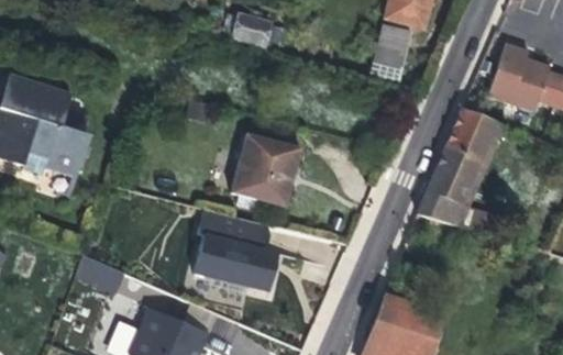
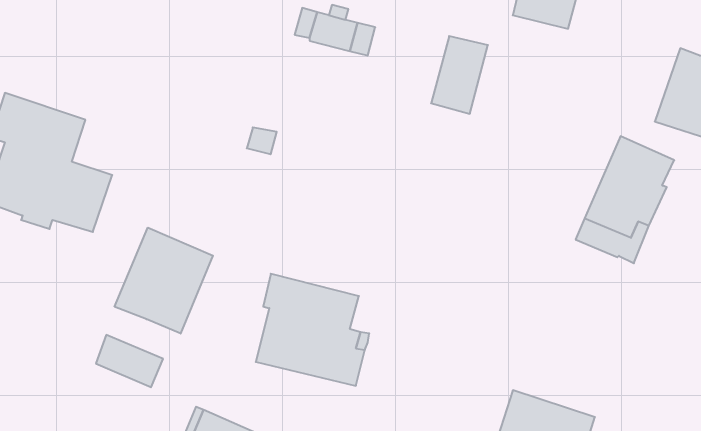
building: [369,25,411,82] -> [431,36,488,114]
building: [231,134,300,207] -> none
building: none -> [115,228,213,334]
building: [417,184,495,236] -> none

